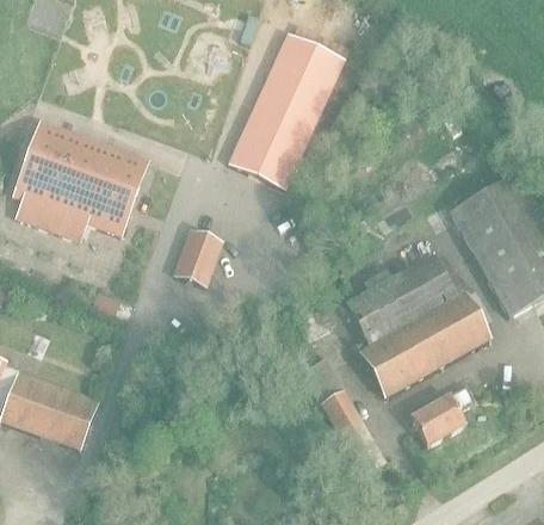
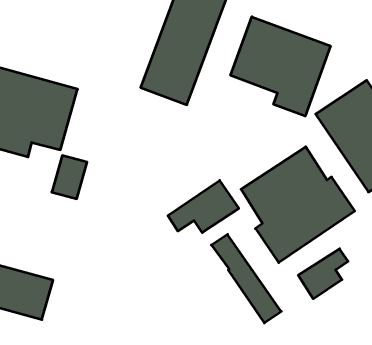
building: none -> [231,17,330,116]
building: [174,229,222,285] -> [52,156,87,199]
building: none -> [168,180,239,233]

